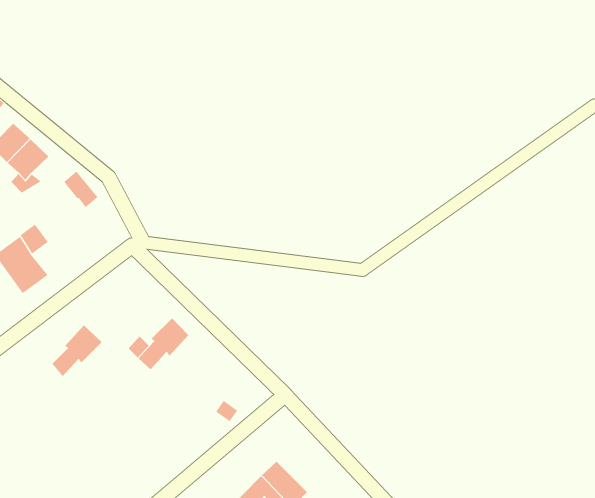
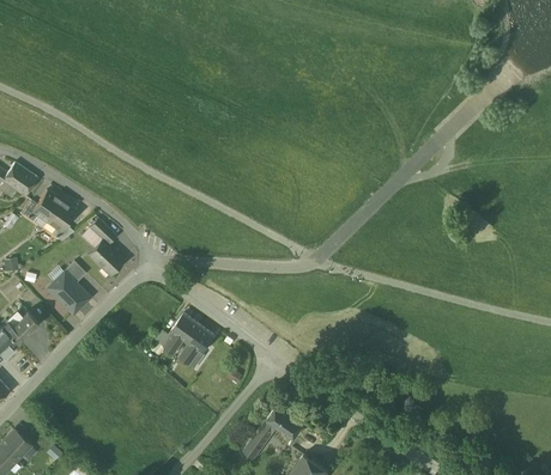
building: none -> [87,238,126,275]
building: [51,325,103,377] -> [180,324,214,365]

